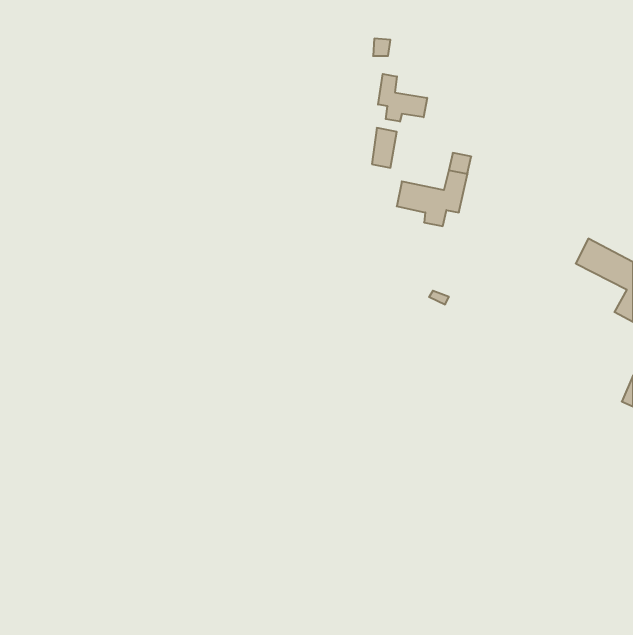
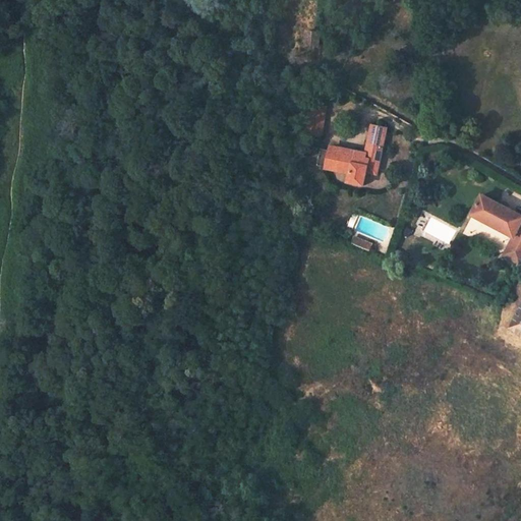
building: [378,74,427,122] -> none

